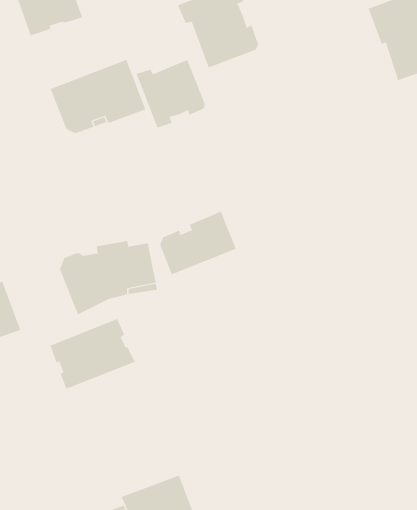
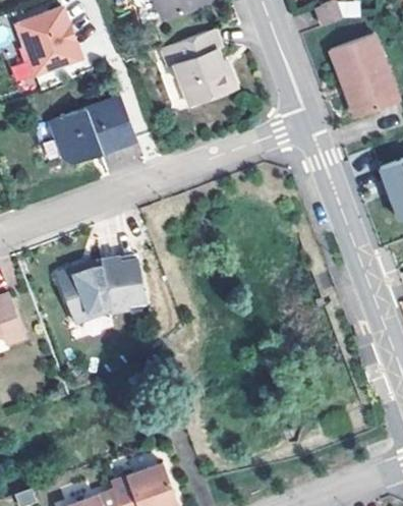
building: [136,59,205,129] -> none
building: [160,211,237,275] -> none
building: [50,318,136,389] -> none

